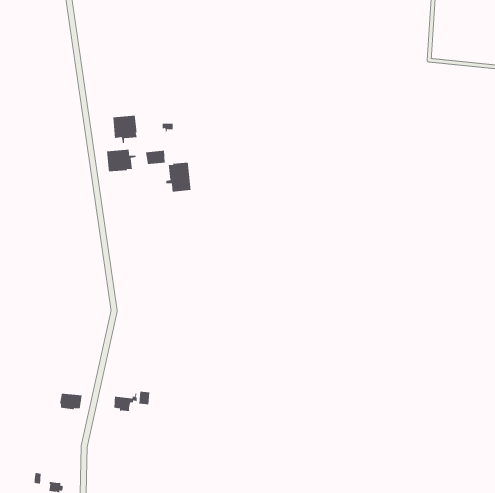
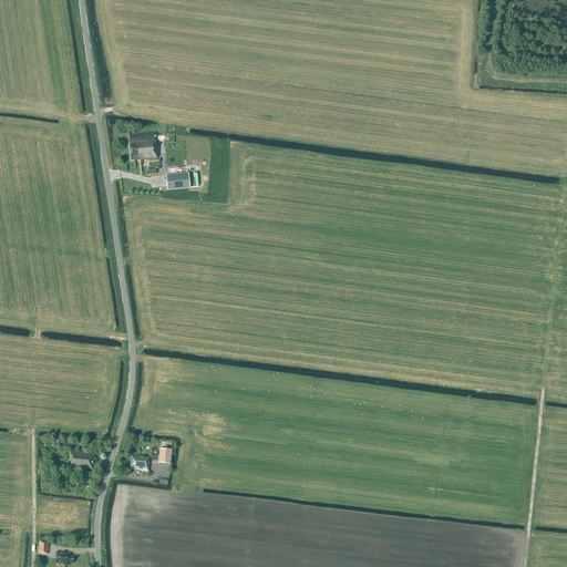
building: [107,149,136,172] -> none
building: [166,162,191,192] -> none

